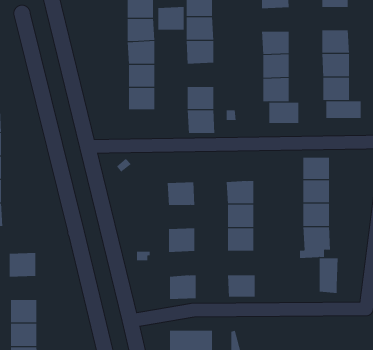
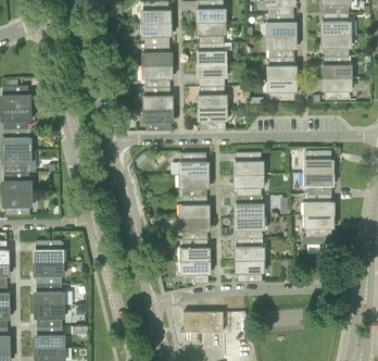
building: [157,7,185,30] -> [200,65,225,87]
building: none -> [268,14,294,36]
building: none -> [324,14,349,35]
building: [326,101,361,119] -> none
building: [269,102,299,124] -> none
building: none -> [146,109,172,132]
building: none -> [181,153,206,176]
building: none -> [236,153,262,175]
building: none -> [182,197,207,219]
building: none -> [182,239,209,262]
building: none -> [237,239,263,261]
building: [319,257,338,294] -> none
building: none -> [36,262,62,284]

